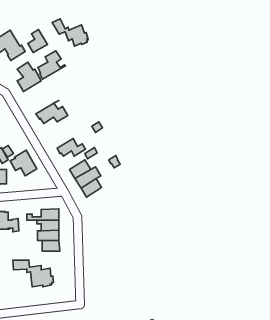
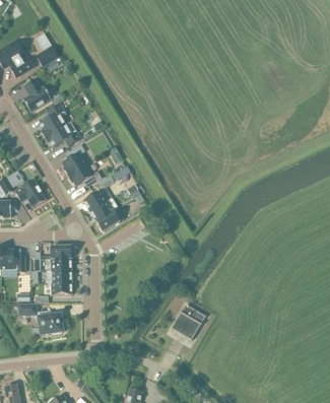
building: [52,19,88,46] -> none
building: [38,51,66,79] -> [40,105,71,137]
building: none -> [62,145,87,177]
building: none -> [172,305,205,340]

